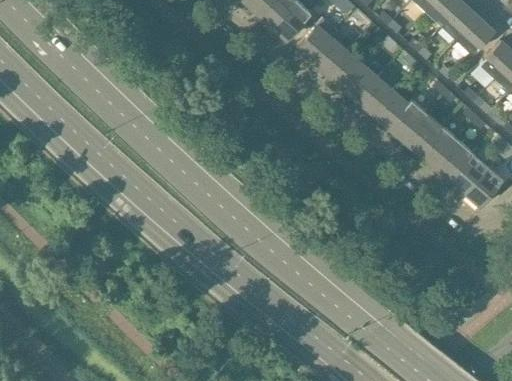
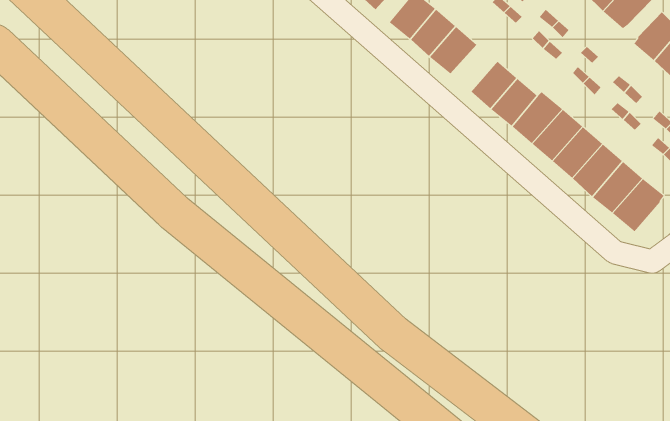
building: [343,65,378,100] -> none

